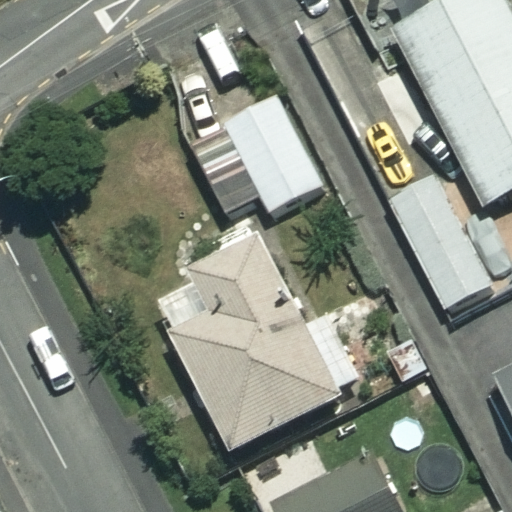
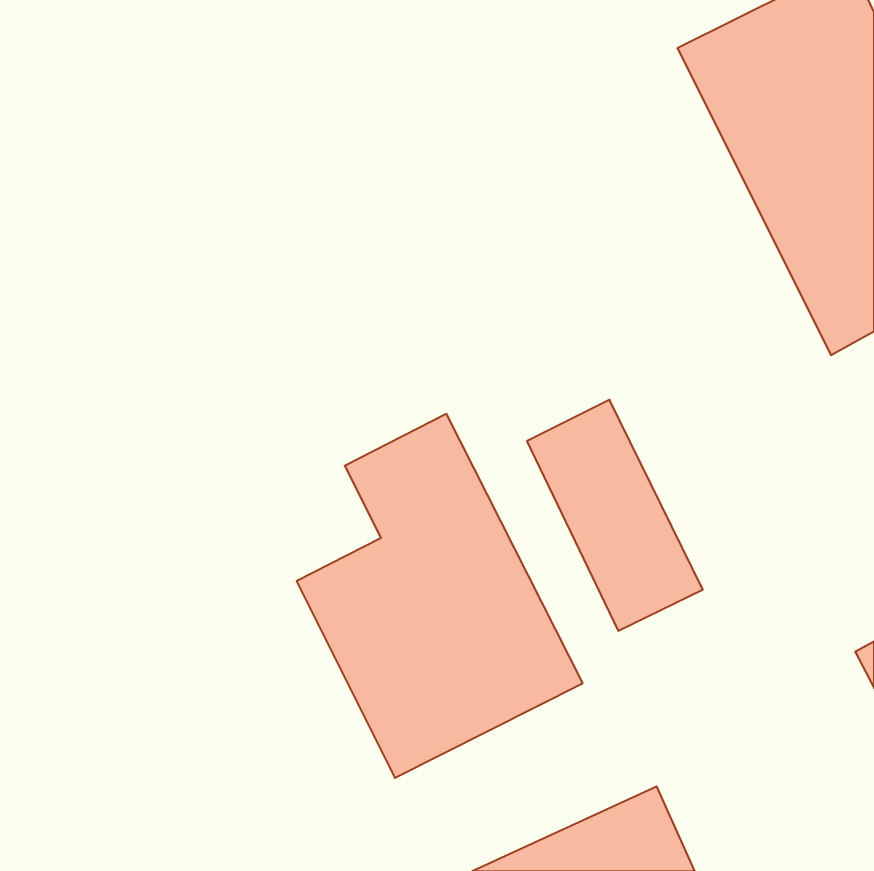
building: [189,97,322,213] -> none
building: [389,174,491,308] -> [527,400,703,631]

